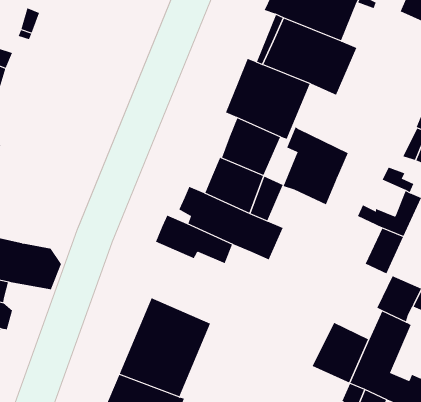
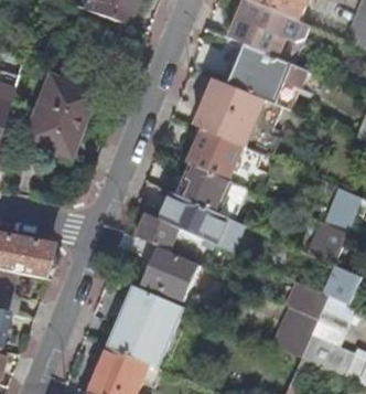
building: none -> [21,72,92,152]
building: [283,126,348,205] -> none
building: none -> [118,230,200,298]

